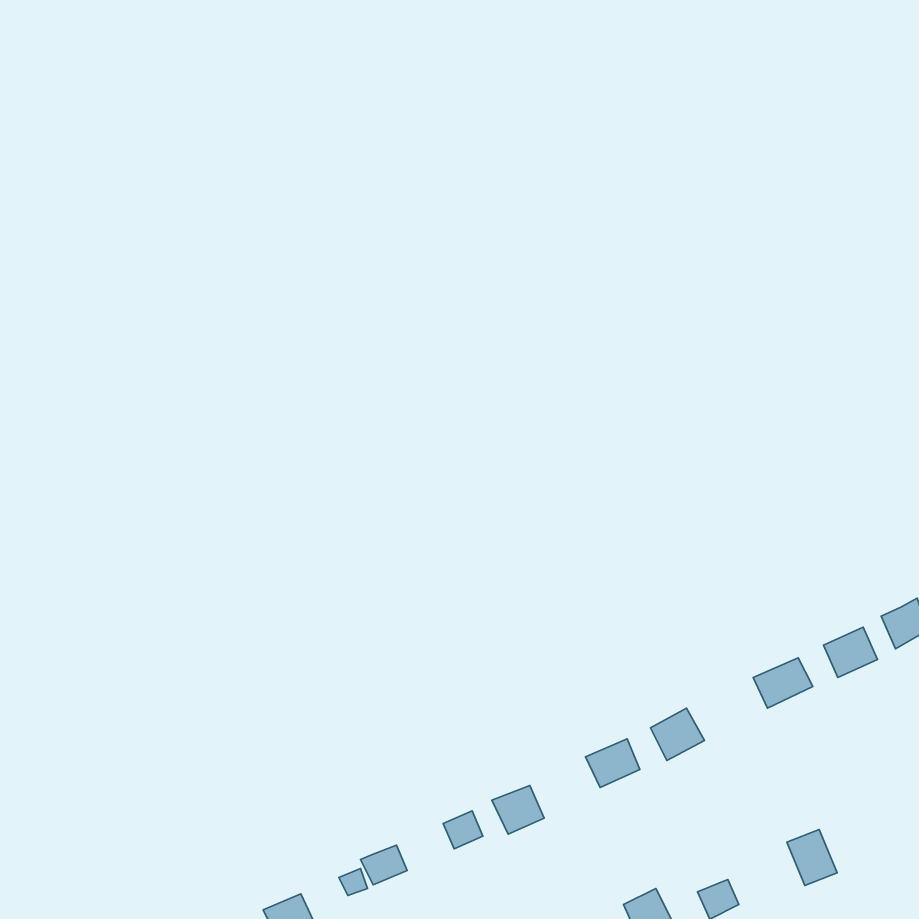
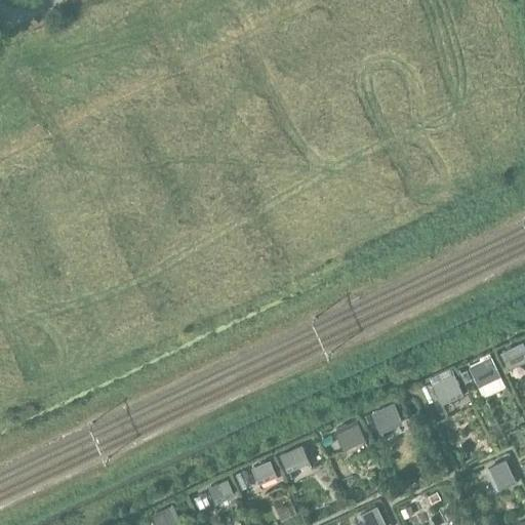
building: [787,830,837,885] -> [485,460,514,492]

